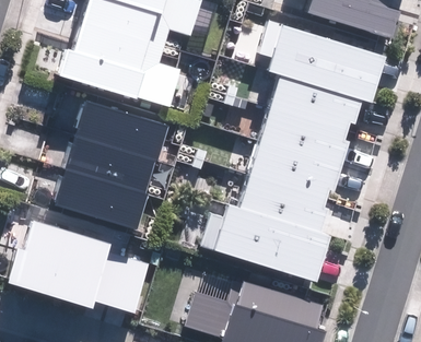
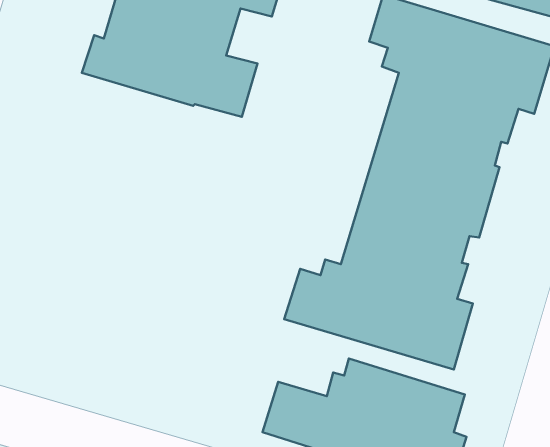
building: [54,101,167,228] -> none
building: [8,221,147,311] -> none

